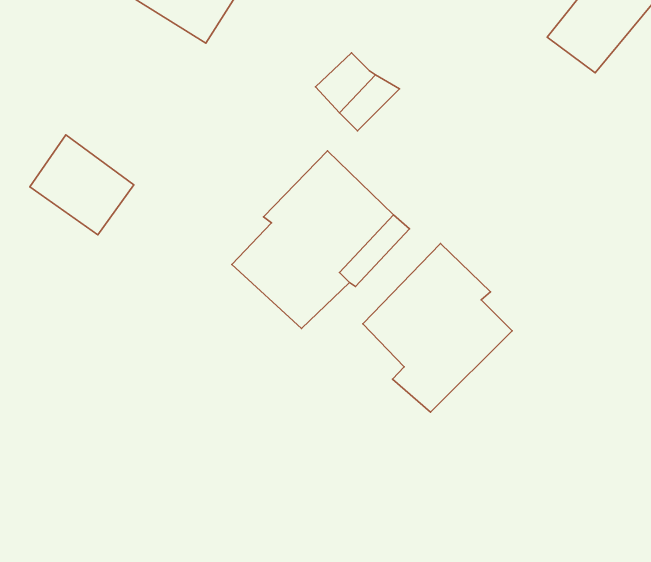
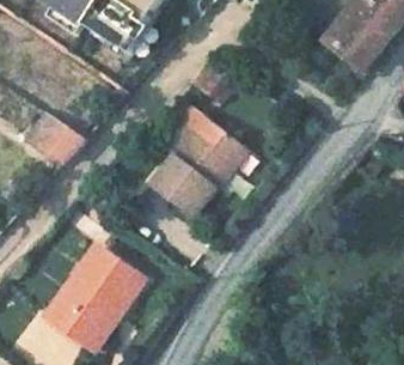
building: [363,244,512,412] -> none
building: none -> [51,250,148,353]

